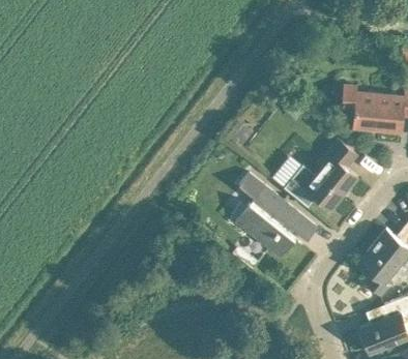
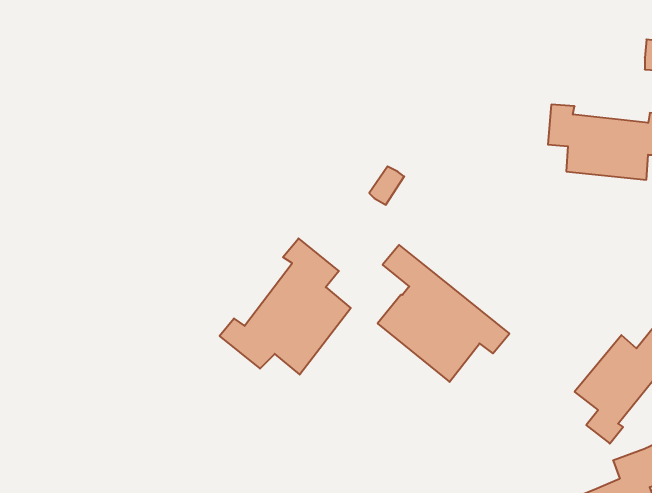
building: [285,140,358,210] -> none
building: none -> [220,238,351,375]

